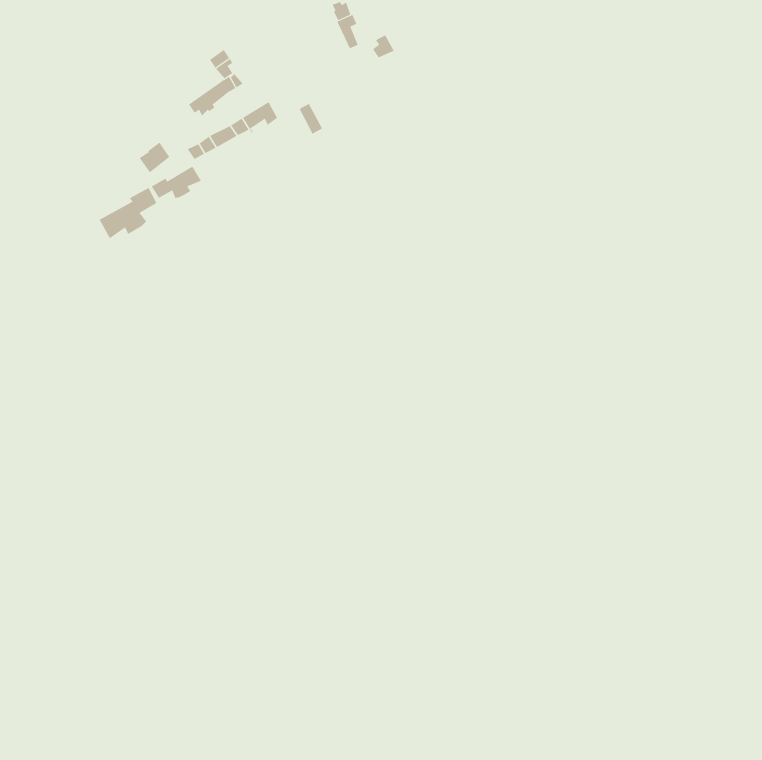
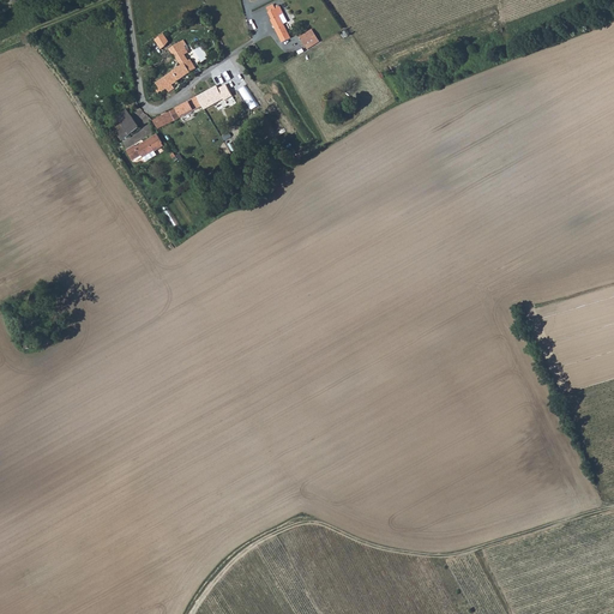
building: [99,187,157,239] -> none

